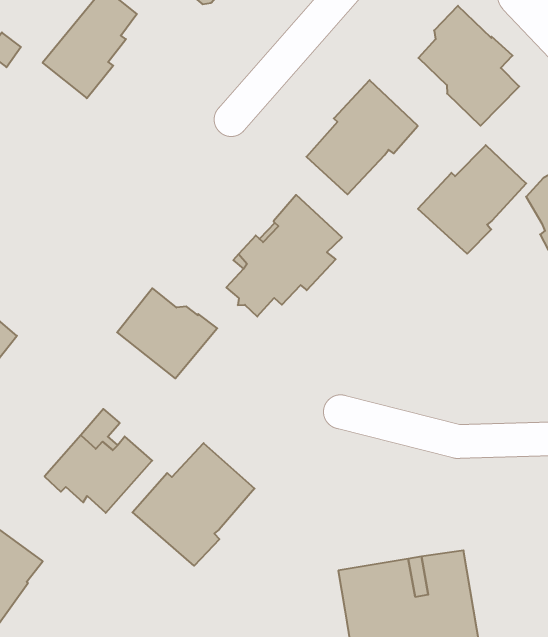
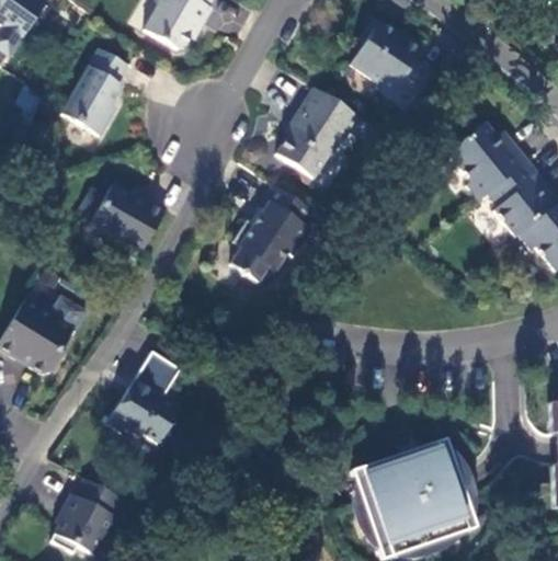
building: [418,145,526,254] -> none
building: [117,288,217,378] -> [90,183,167,250]
building: [132,443,255,566] -> none

